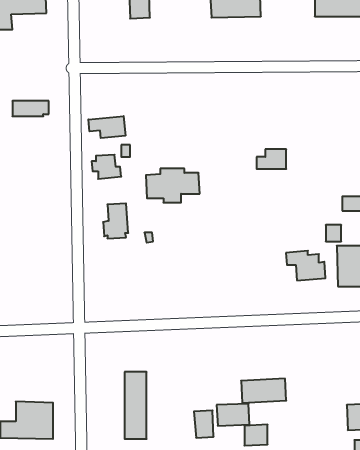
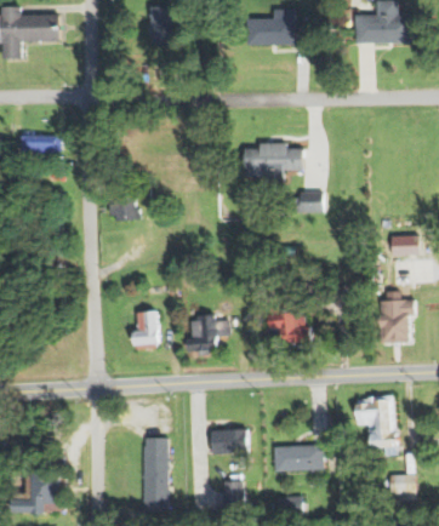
building: [88,116,125,138] -> none
building: [146,169,200,203] -> [244,144,303,182]
building: [103,203,128,238] -> [131,309,159,348]
building: [286,251,325,280] -> [268,311,312,344]
building: none -> [186,313,229,354]
building: none -> [355,394,395,446]
building: [217,404,250,426] -> [211,429,247,453]

